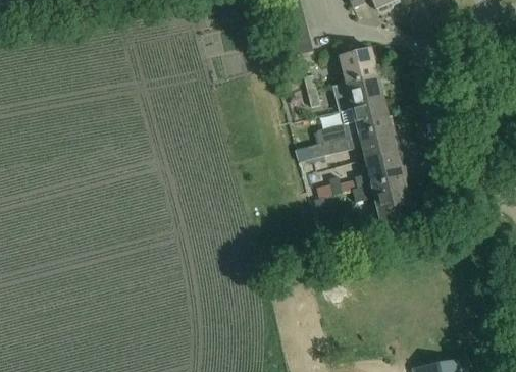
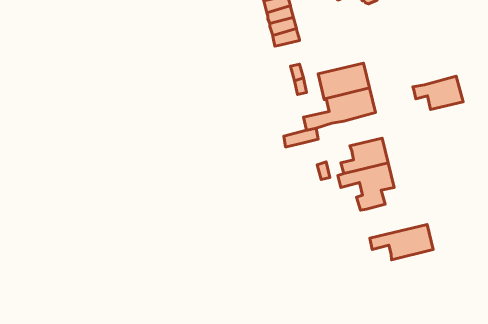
building: [340,48,379,82] -> none
building: [347,124,399,159] -> [413,76,463,110]
building: none -> [370,224,433,260]

